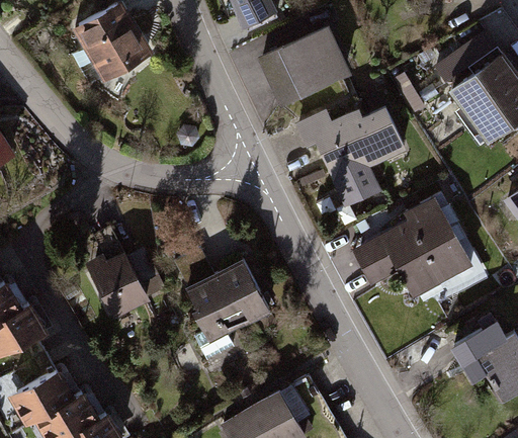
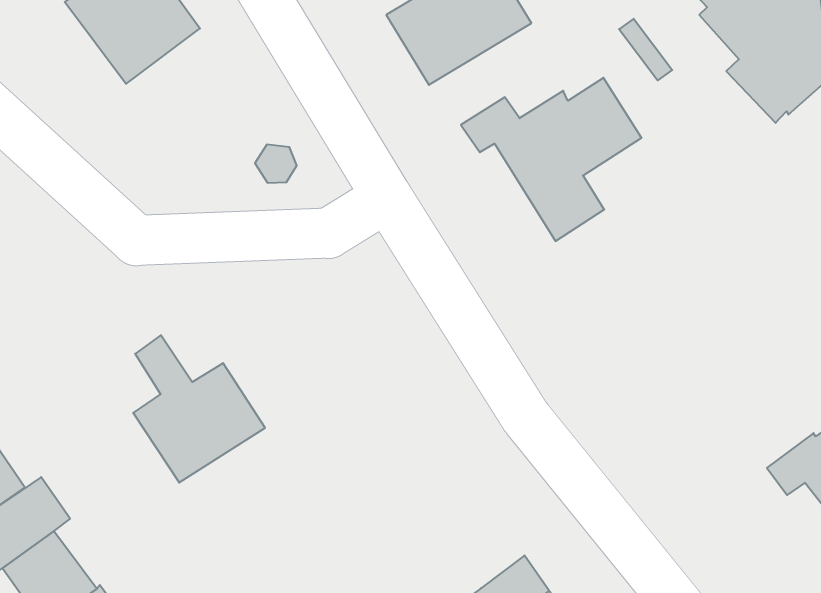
building: [358,193,476,295] -> none
building: [174,250,269,359] -> none

